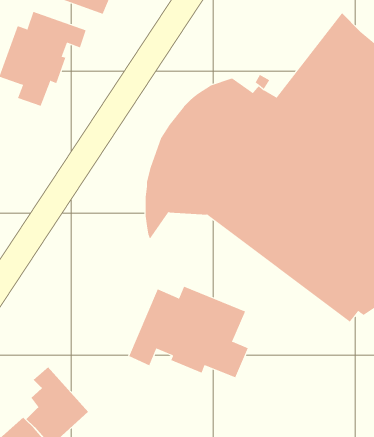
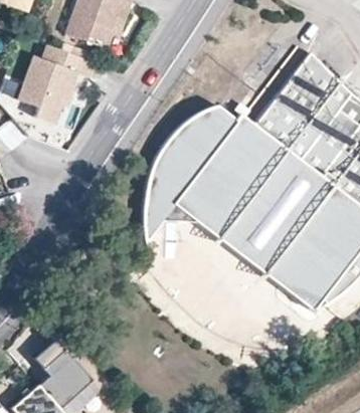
building: [129,286,248,378] -> none

